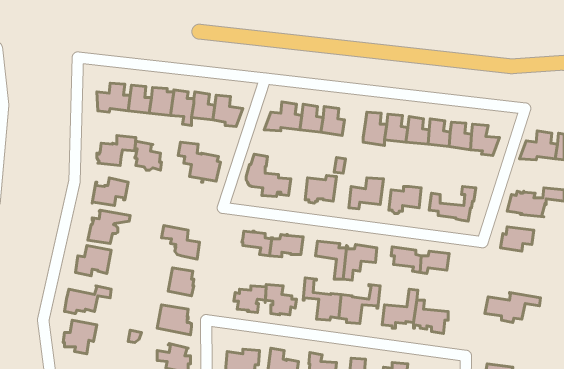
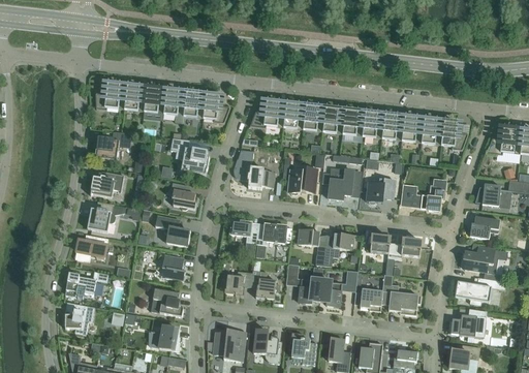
building: none -> [322,107,344,133]
building: [135,141,162,170] -> [172,182,196,209]
building: none -> [464,246,507,274]
building: none -> [450,309,484,336]

